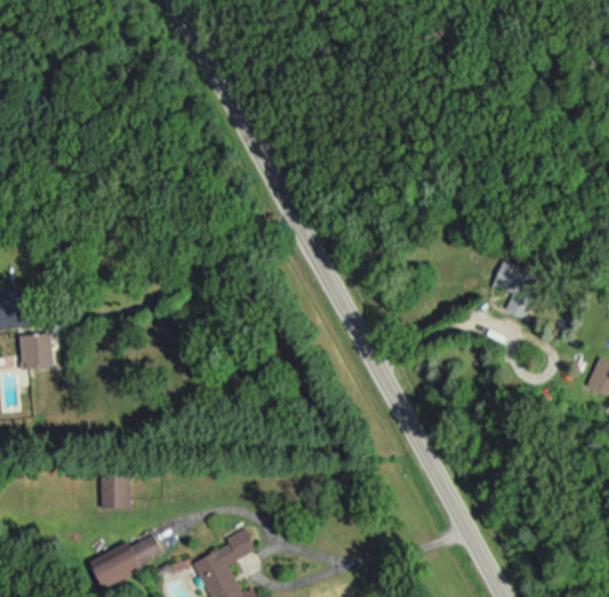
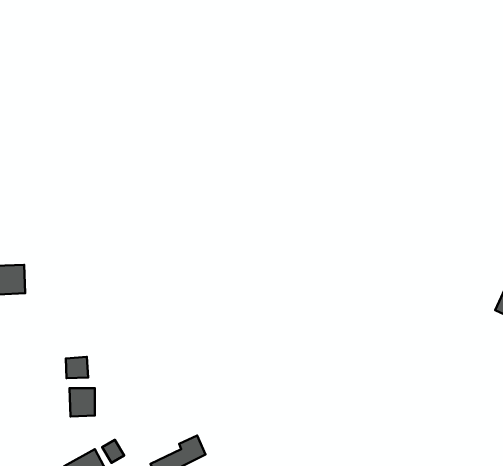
building: [493,260,544,320] -> none
building: none -> [66,357,88,378]

